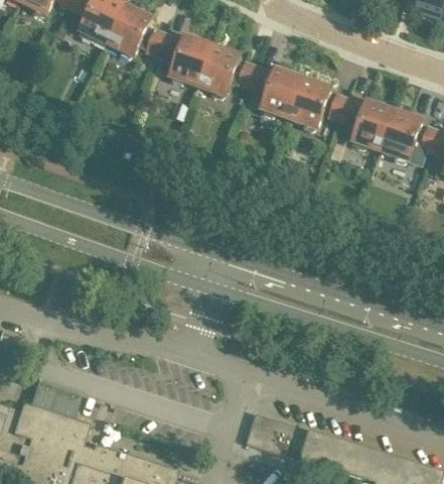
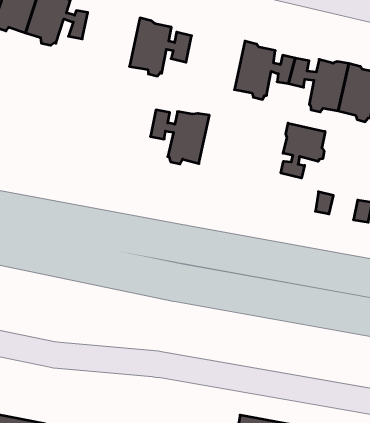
building: [156,31,210,85] -> none
building: [247,65,302,118] -> [150,110,209,164]
building: none -> [281,123,325,178]

